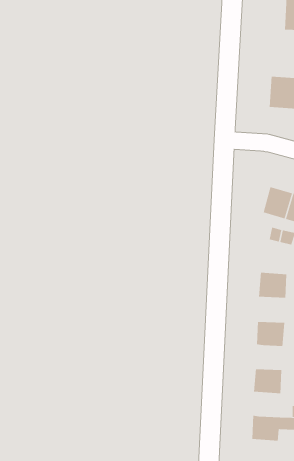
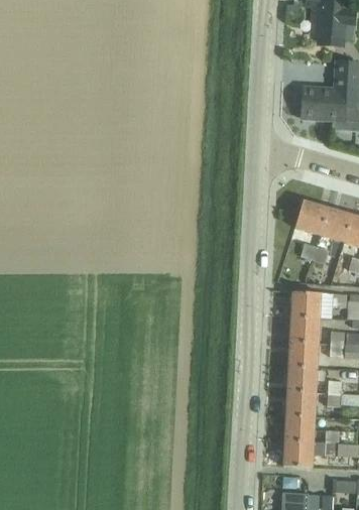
building: none -> [289,316,320,343]
building: none -> [287,366,317,392]
building: none -> [284,415,315,441]

